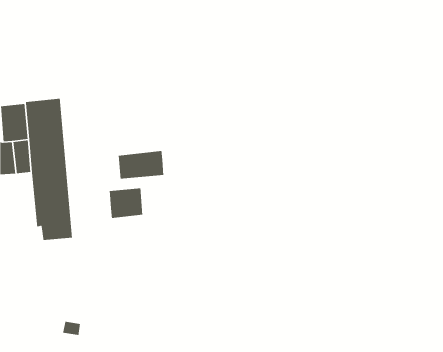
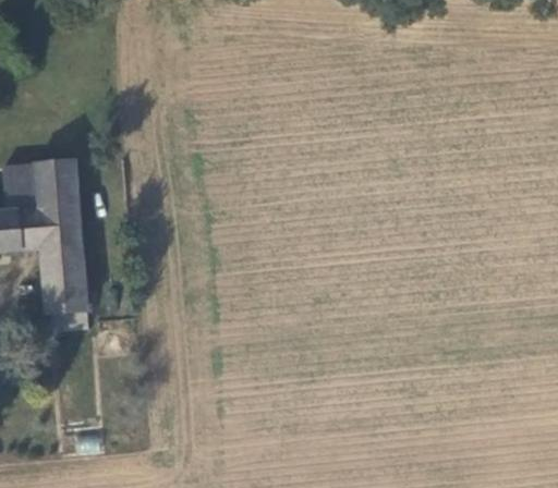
building: [118,150,164,179] -> none
building: [109,188,143,219] -> none

